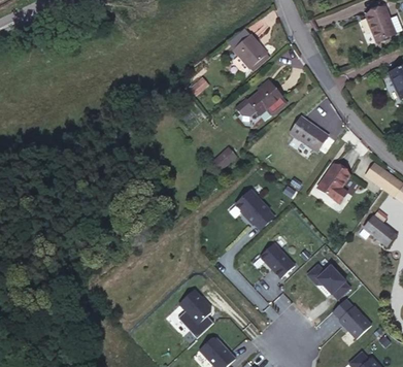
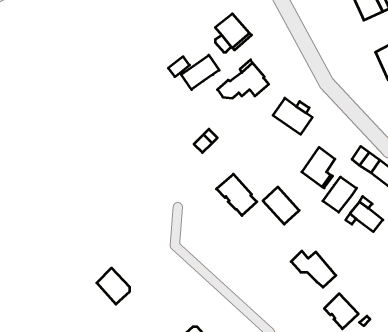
building: none -> [181,55,219,90]
building: none -> [323,177,357,212]
building: [260,242,295,278] -> [263,187,299,224]
building: [179,289,211,324] -> [97,268,130,304]

